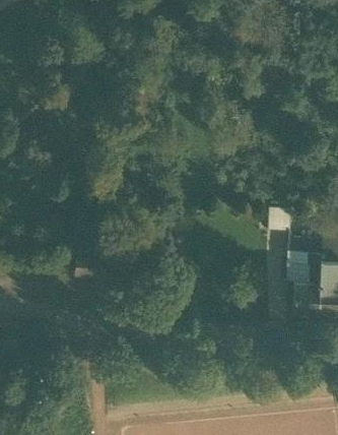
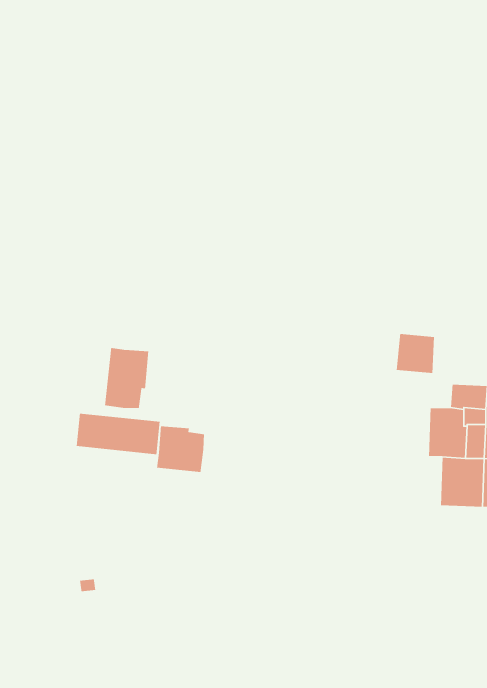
building: none -> [104,347,149,409]
building: none -> [156,425,205,473]

